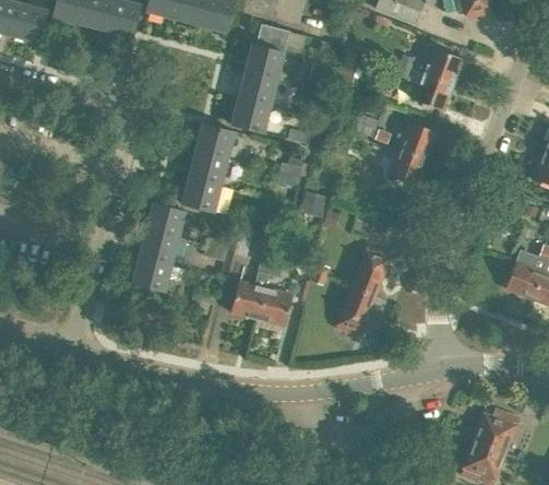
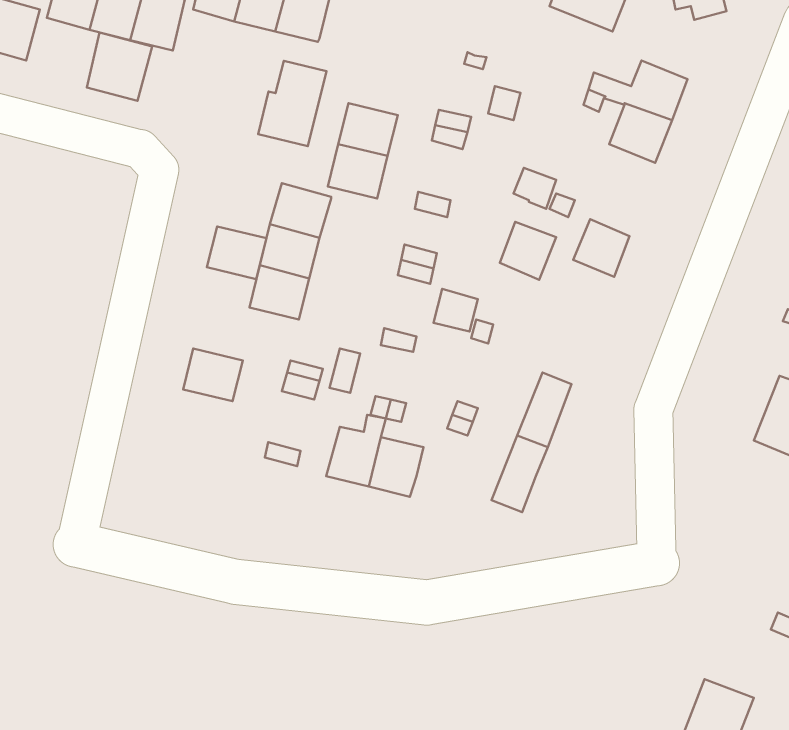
building: [246,24,289,79] -> [258,61,326,146]
building: none -> [87,32,152,101]
building: [401,119,437,156] -> [500,222,556,280]
building: [146,202,184,236] -> [207,226,266,279]
building: [132,255,171,288] -> none
building: [474,409,516,452] -> none

